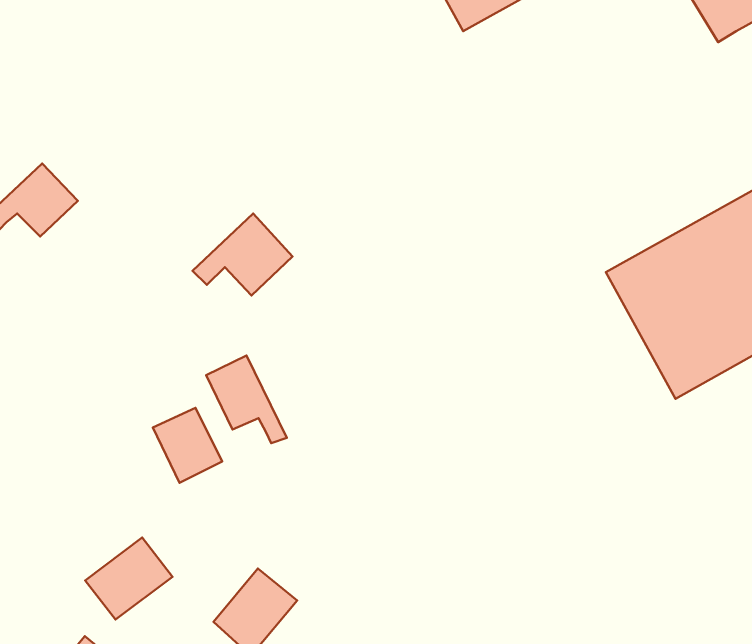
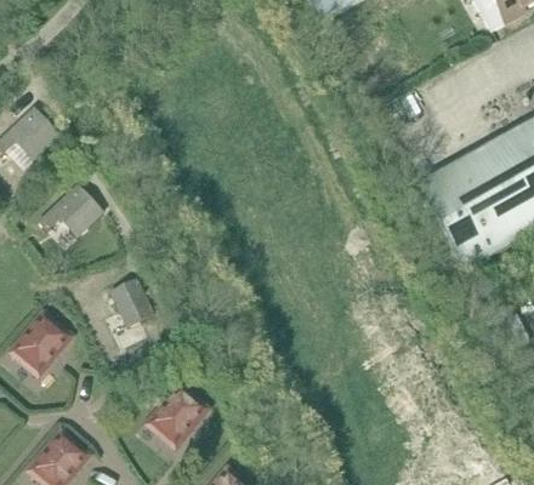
building: [193,214,293,296] -> [36,183,104,239]
building: [206,356,287,443] -> none
building: [85,538,173,620] -> [13,313,73,369]

